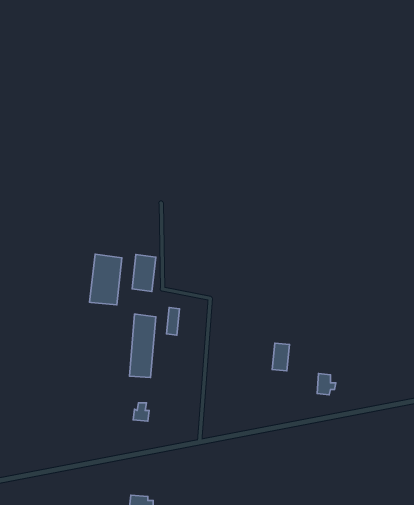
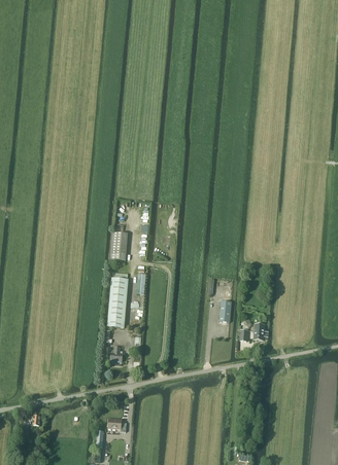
building: [90,254,122,305] -> none

